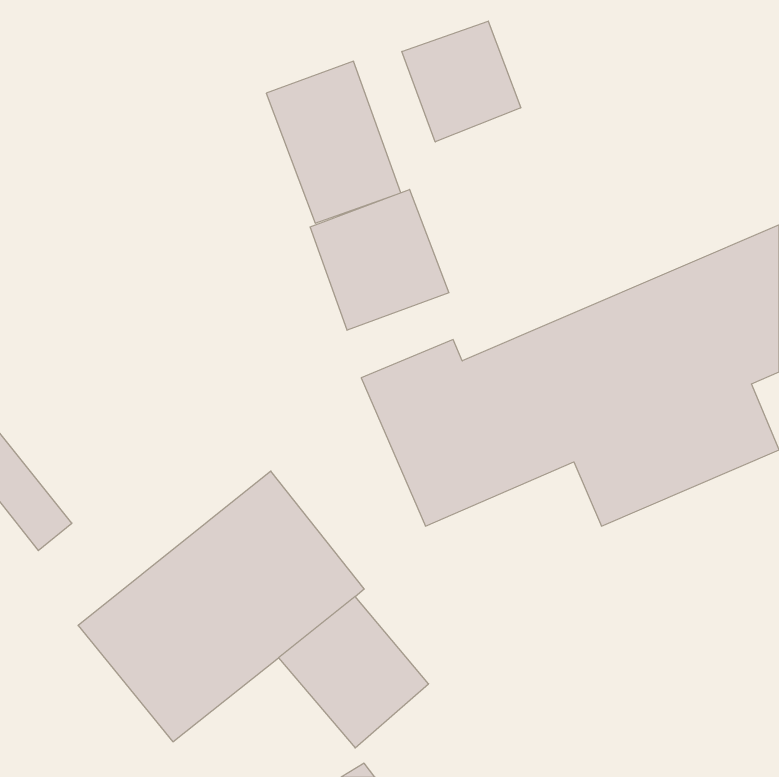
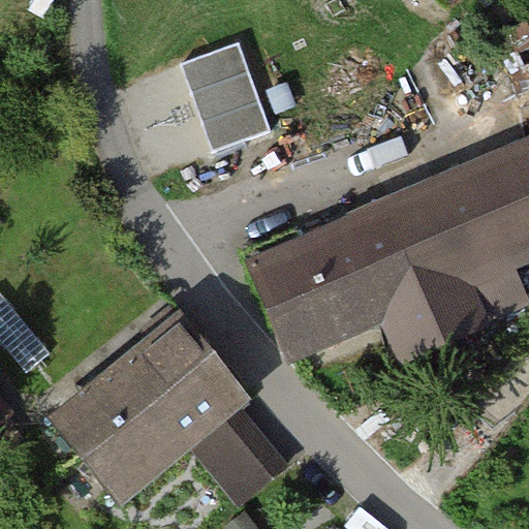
building: [402,21,521,142] -> none
building: [310,189,449,330] -> none

